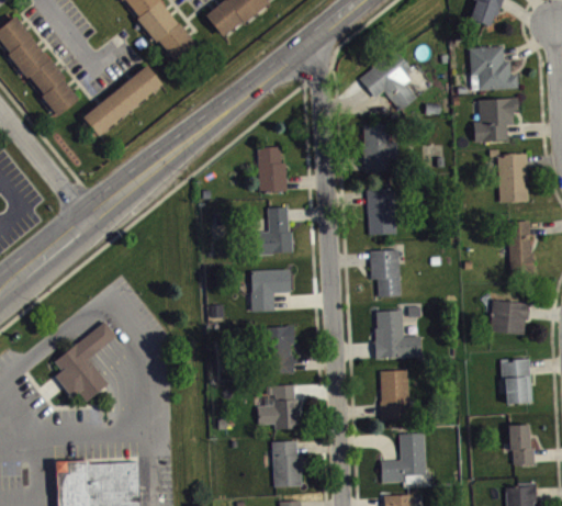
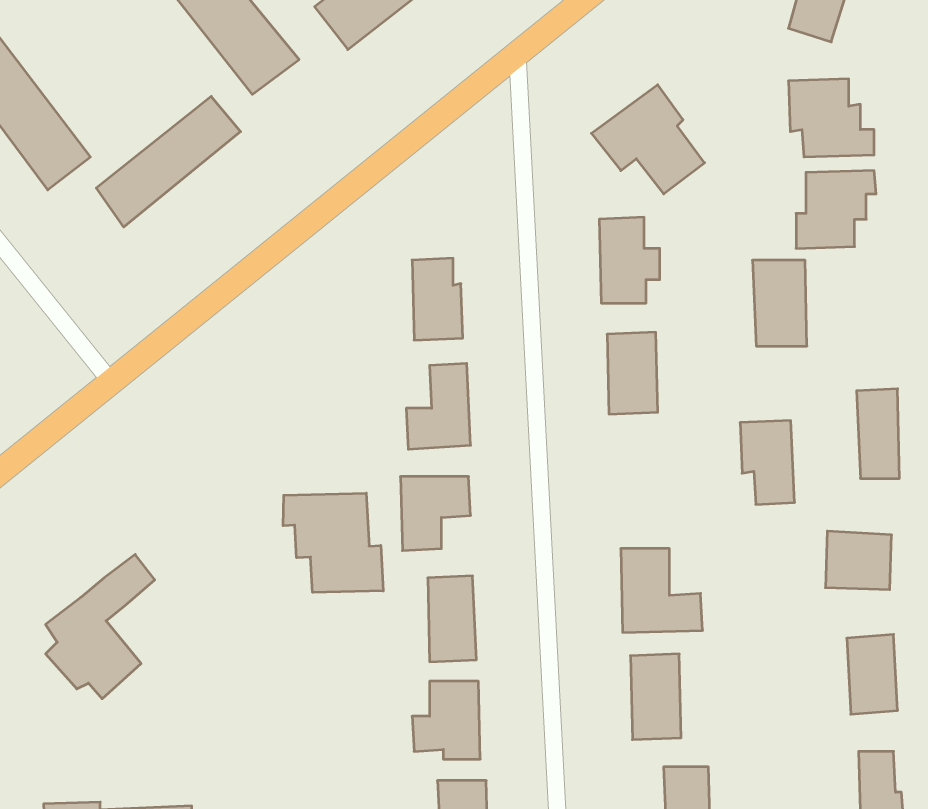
building: [497,155,528,203] -> [752,260,807,346]
building: [370,251,401,299] -> [740,421,795,504]
building: none -> [283,493,383,592]

